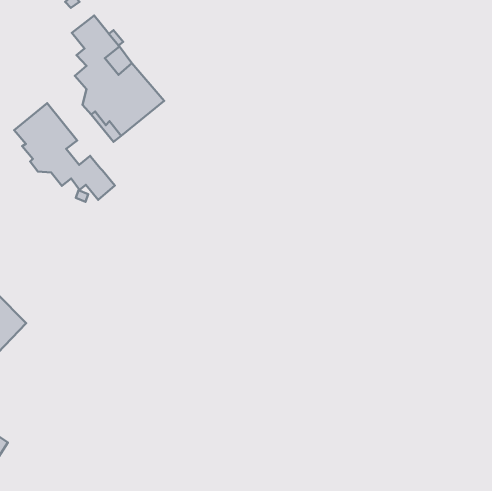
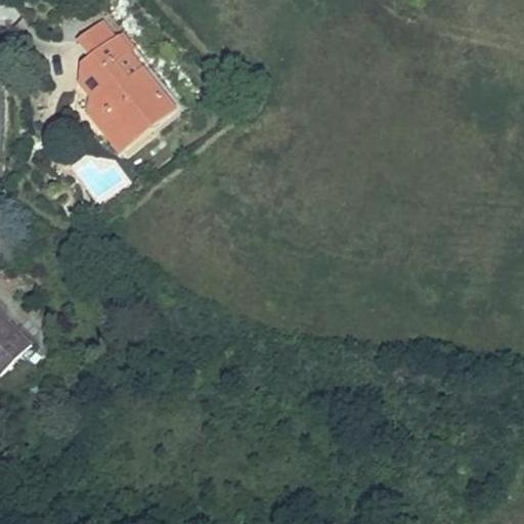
building: [14,103,115,200] -> none

